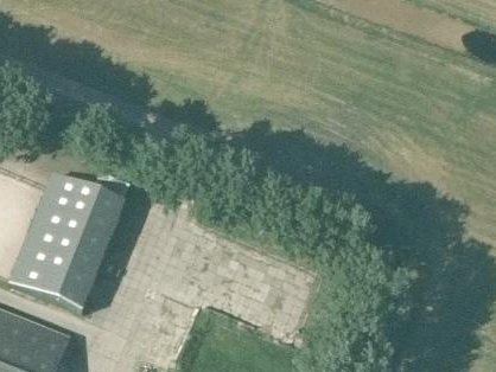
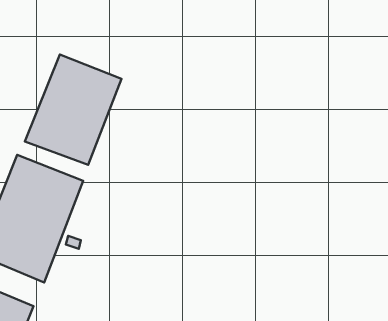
building: none -> [25,54,121,165]

